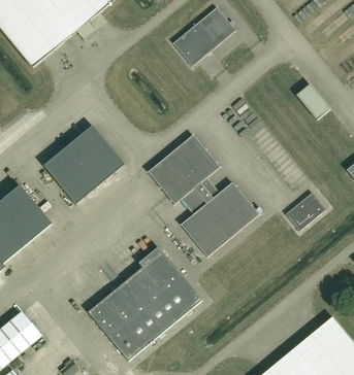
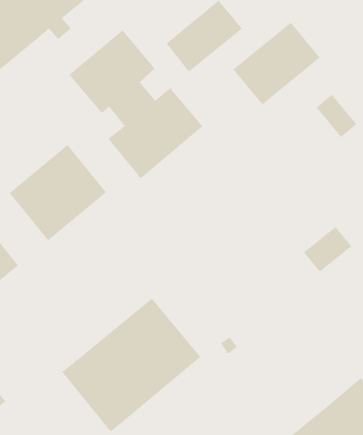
building: none -> [233,22,321,105]
building: [148,134,258,257] -> [69,29,203,179]

